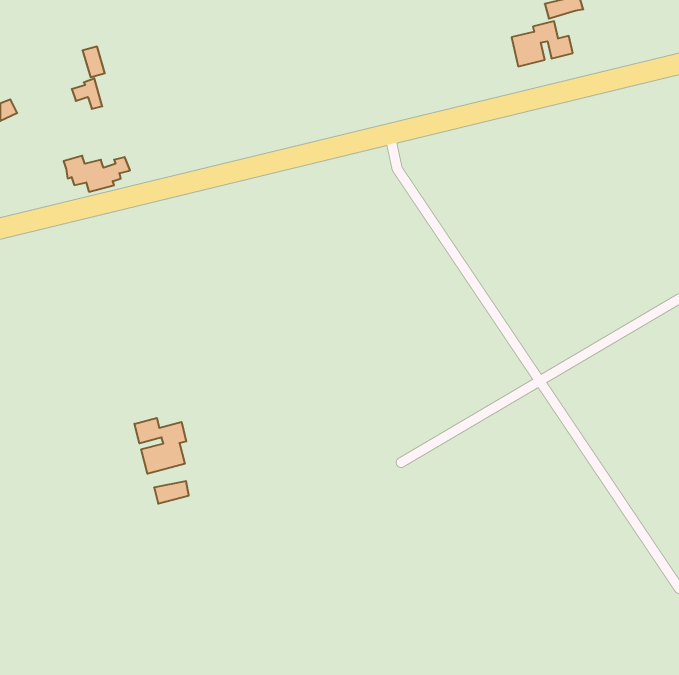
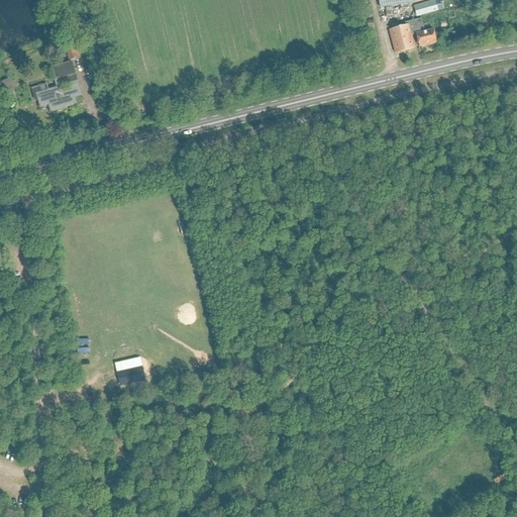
building: [64,156,130,192] -> [31,82,82,109]
building: [134,418,186,474] -> none

